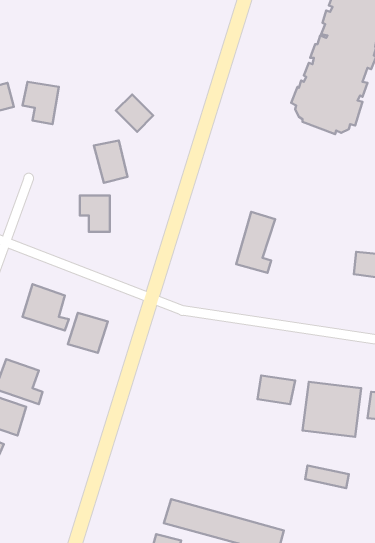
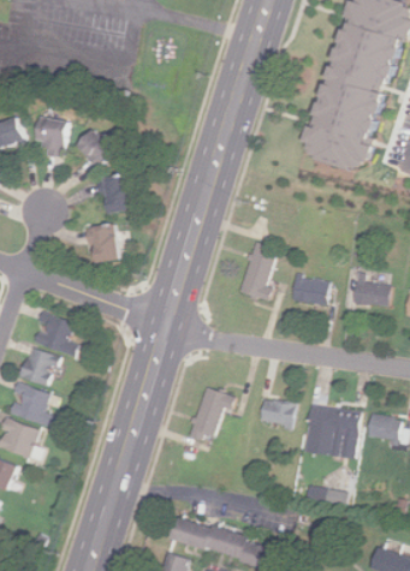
building: [116,94,153,132] -> [79,129,115,165]
building: none -> [292,275,328,304]
building: [68,313,108,353] -> [20,347,59,386]
building: none -> [191,387,236,444]

